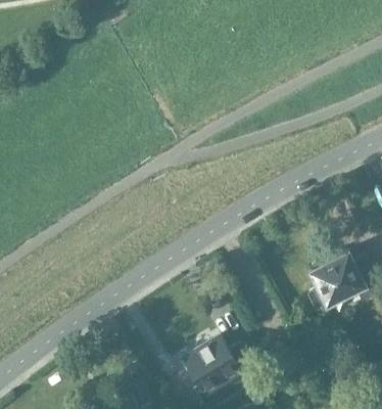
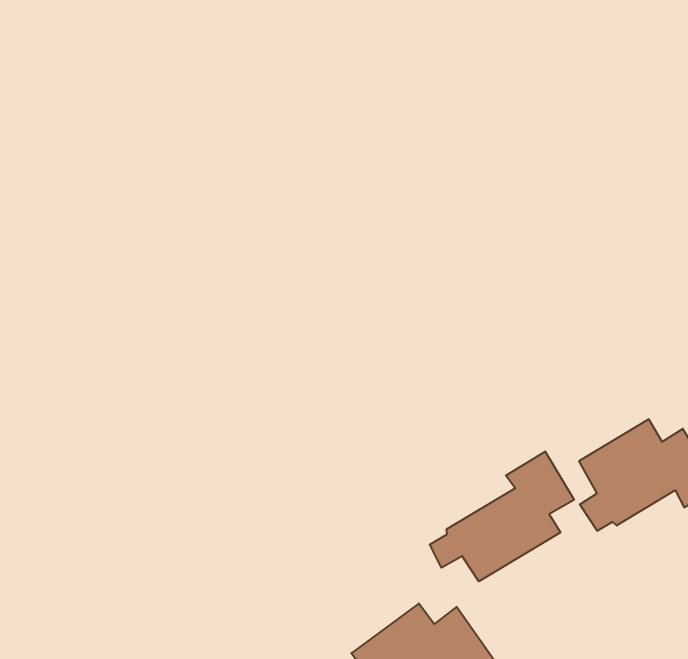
building: none -> [430,451,574,581]

